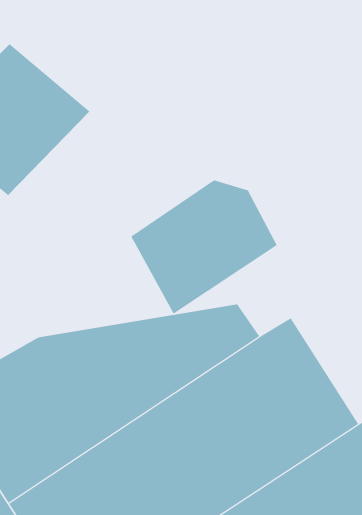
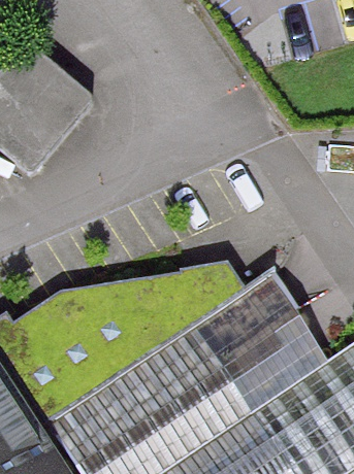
building: [131,179,278,315] -> none

